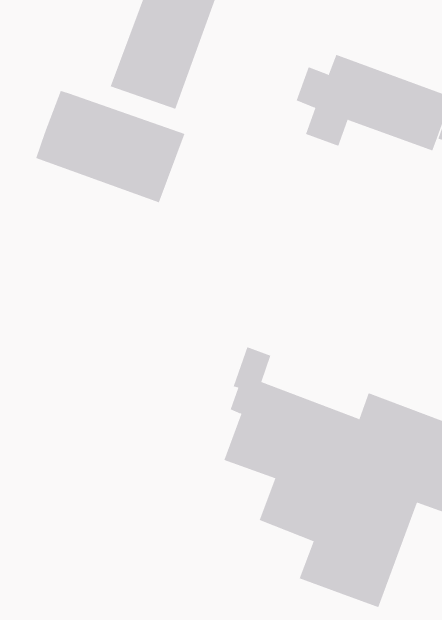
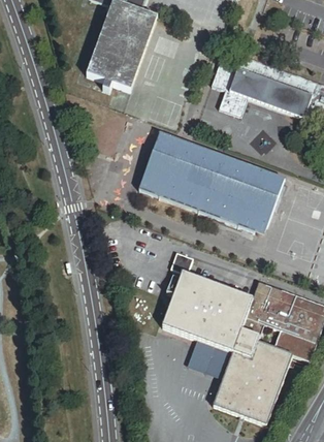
building: [35,90,185,203] -> none
building: none -> [138,130,285,232]

